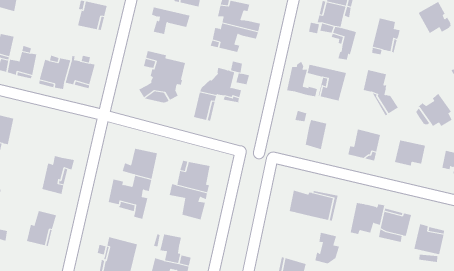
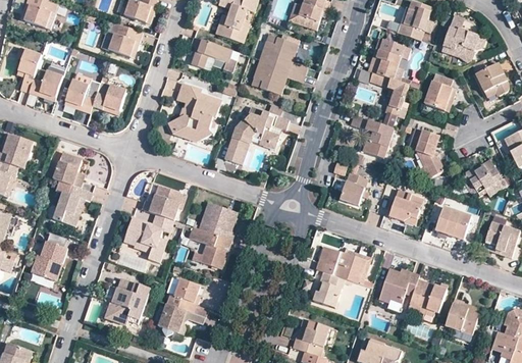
building: [286,61,317,97] -> none
building: none -> [53,153,83,188]
building: [315,232,340,264] -> [313,272,342,307]

